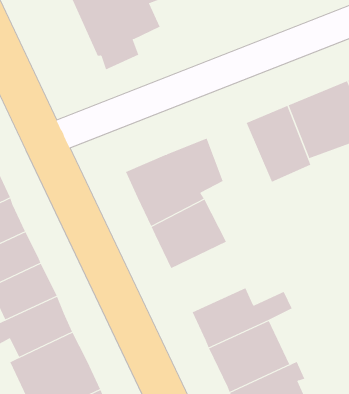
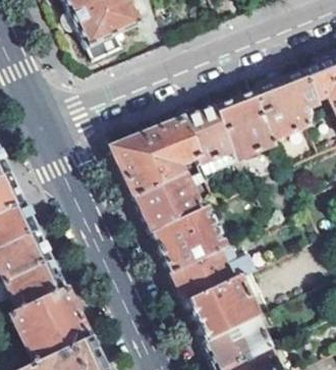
building: none -> [182,108,238,166]
building: none -> [151,209,223,273]

